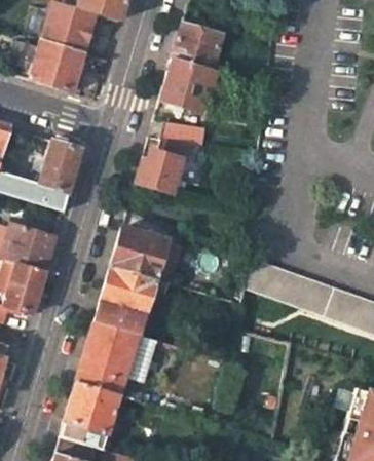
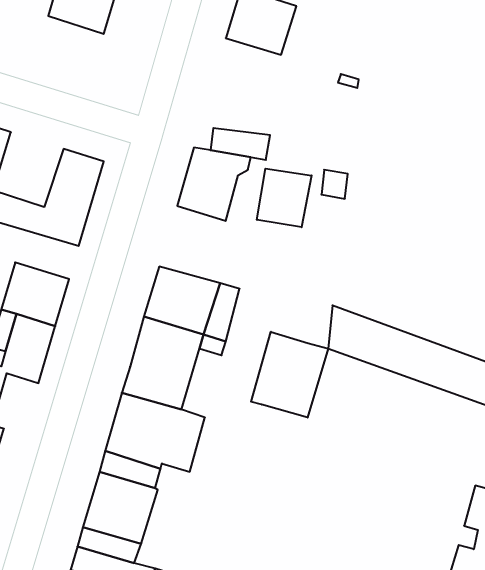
building: [22,41,81,93] -> none
building: [159,57,213,112] -> none
building: none -> [257,169,312,227]
building: none -> [251,332,328,418]

